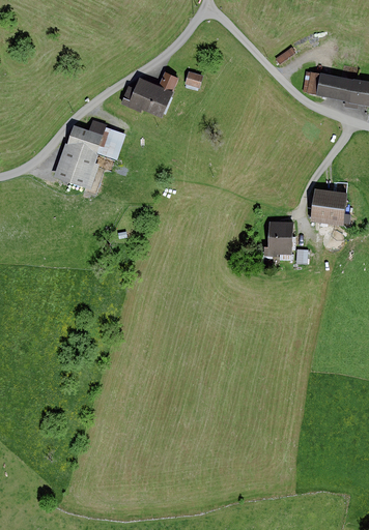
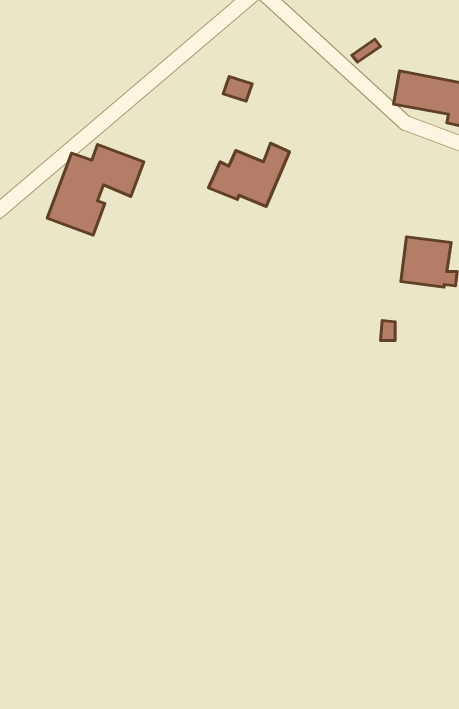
building: [119,71,177,117] -> [209,143,289,207]
building: [262,220,293,257] -> none

